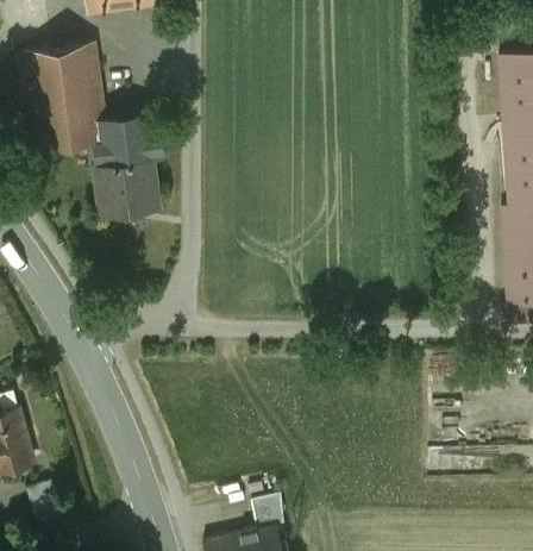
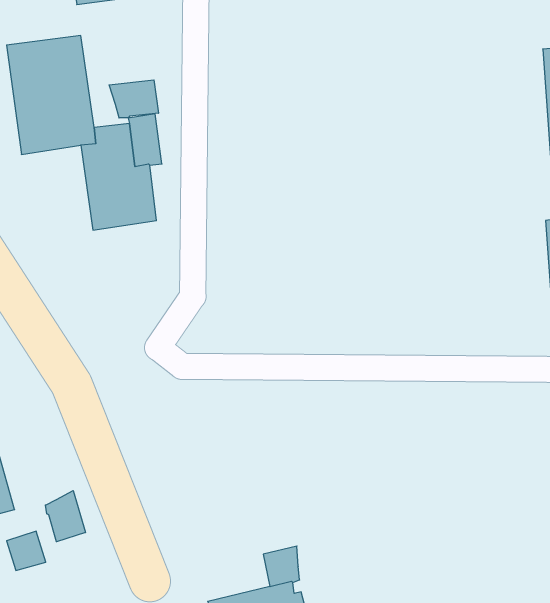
building: none -> [109,80,158,118]
building: none -> [45,491,85,542]

